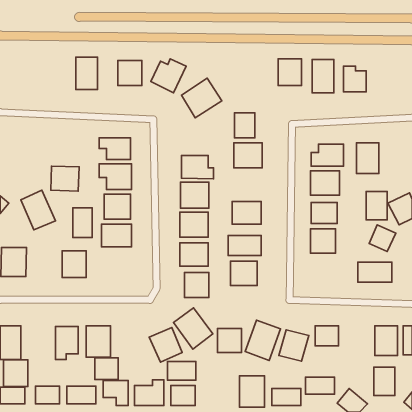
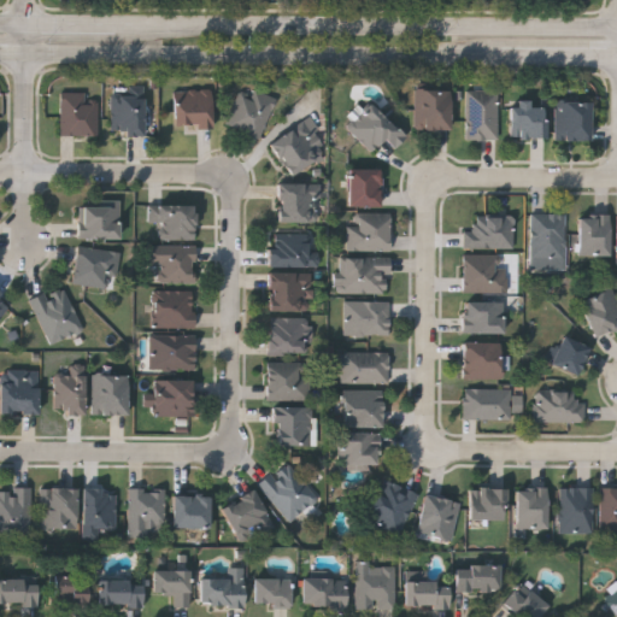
building: none -> [63,92,100,135]
building: none -> [556,100,592,140]
building: none -> [348,102,406,152]
building: none -> [280,183,321,222]
building: none -> [80,202,121,239]
building: none -> [340,257,390,293]
building: [366,192,387,220] -> [580,213,611,255]
building: [73,208,92,238] -> [57,370,86,415]
building: none -> [155,380,195,415]
building: none -> [464,388,512,419]
building: [217,328,242,353] -> [341,433,377,469]
building: [95,358,118,380] -> [175,494,210,527]
building: [4,360,28,387] -> [41,487,77,527]
building: [168,362,196,380] -> [304,578,346,606]
building: [374,367,395,396] -> [517,487,548,529]

